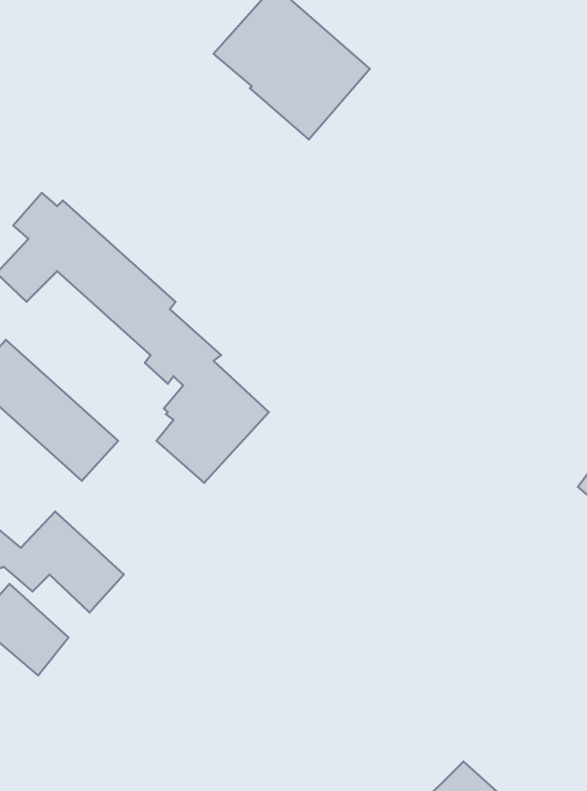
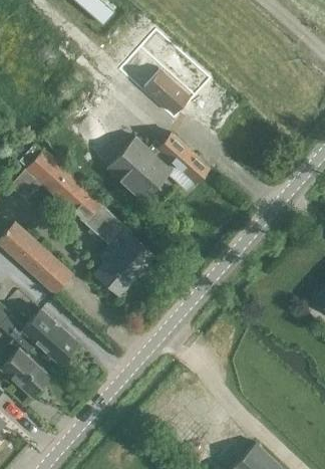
building: none -> [102,126,207,200]

